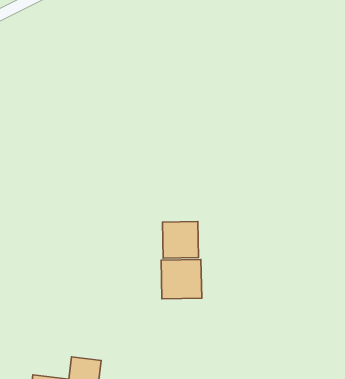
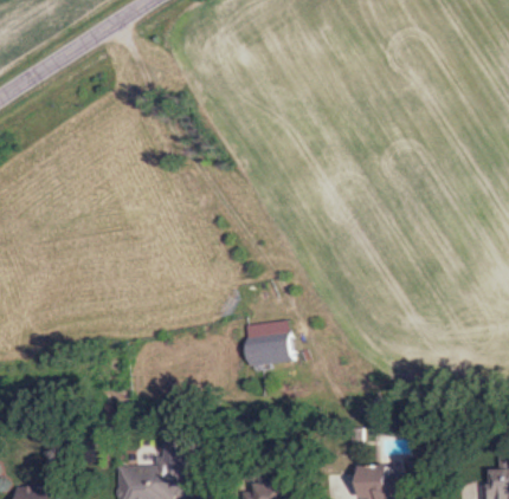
building: [163,221,198,258] -> none

